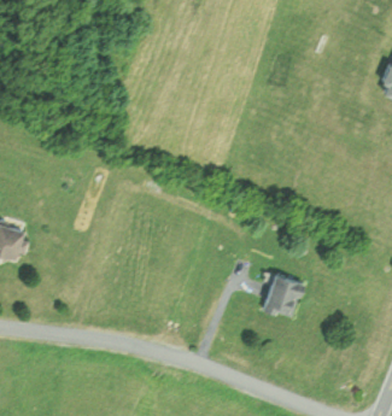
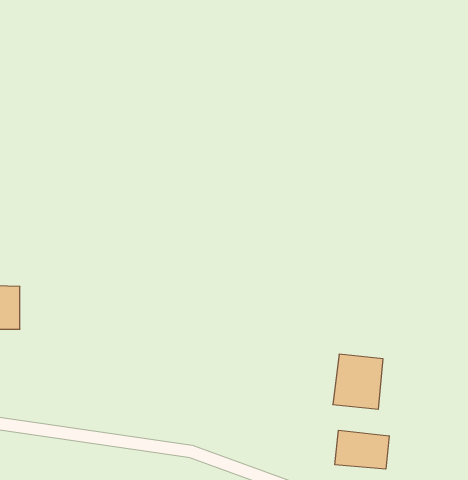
building: none -> [335,430,389,469]

